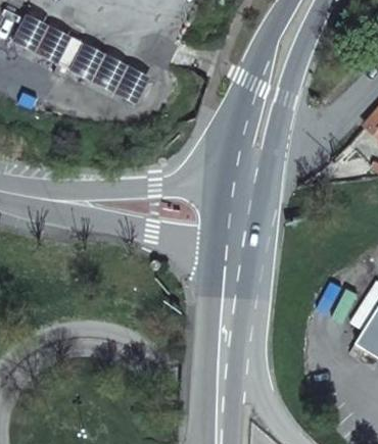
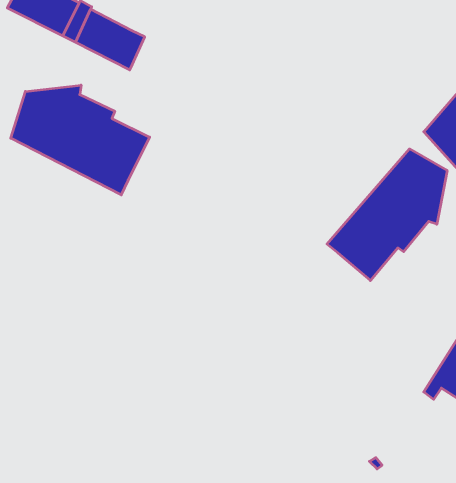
building: none -> [11,85,150,195]
building: none -> [327,149,447,281]

